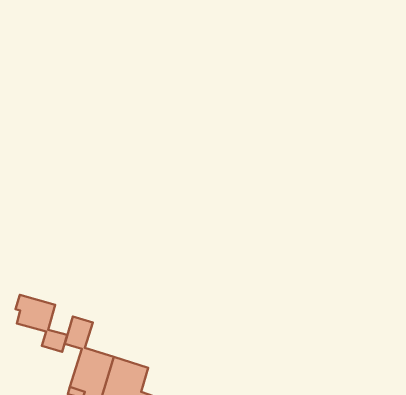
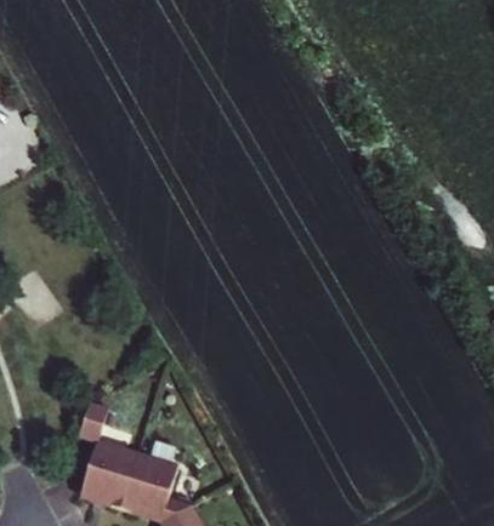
building: [16,295,67,352] -> none

